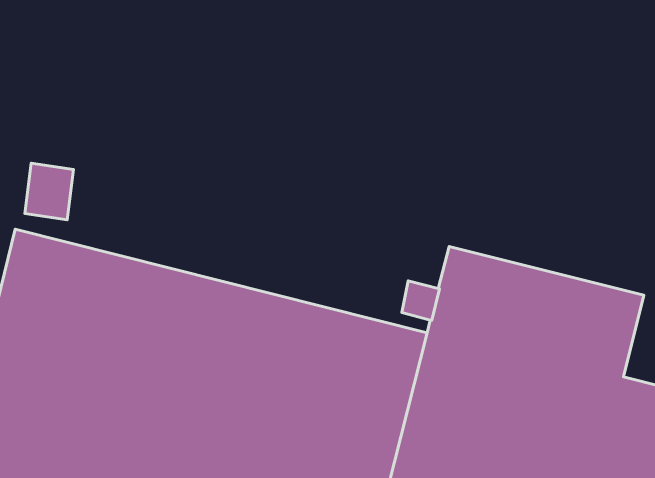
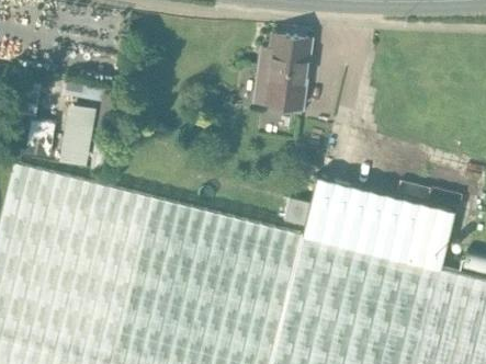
building: none -> [253,33,313,116]
building: none -> [64,103,98,163]

